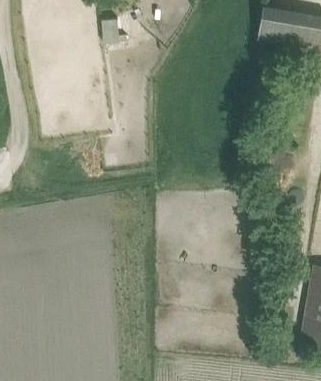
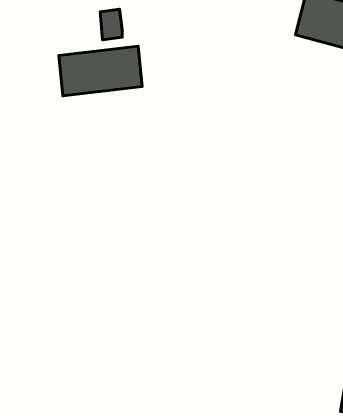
building: none -> [59,46,142,96]

